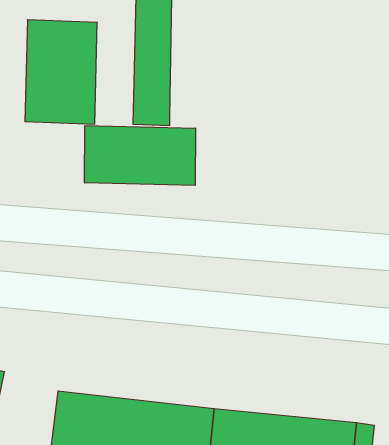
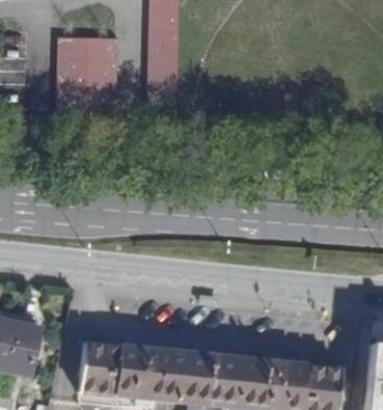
building: [85,126,196,185] -> none

